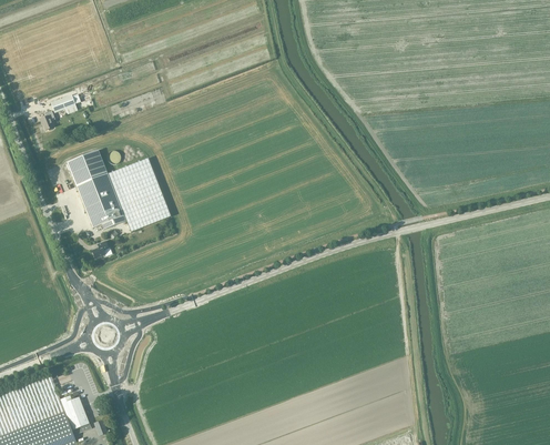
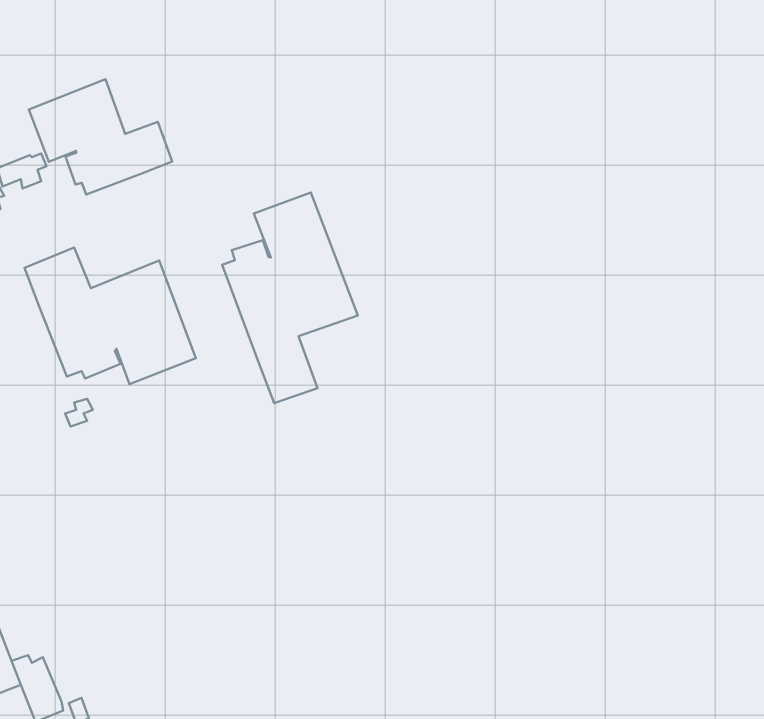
building: none -> [29,79,172,194]
building: none -> [222,192,358,403]

